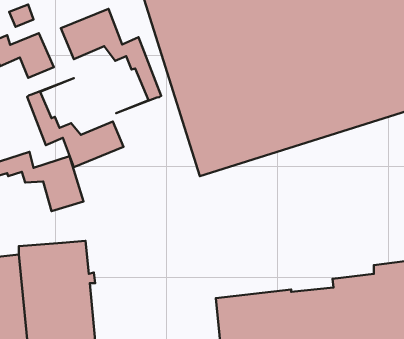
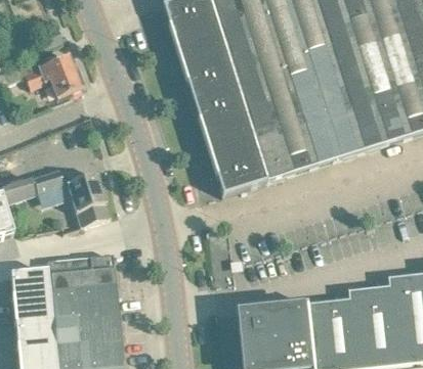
building: [61,9,161,113] -> none
building: [27,78,124,167] -> none

